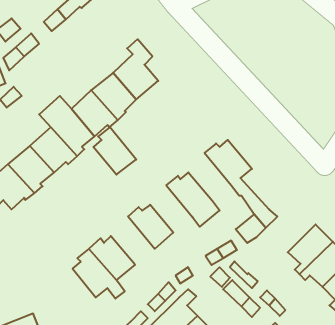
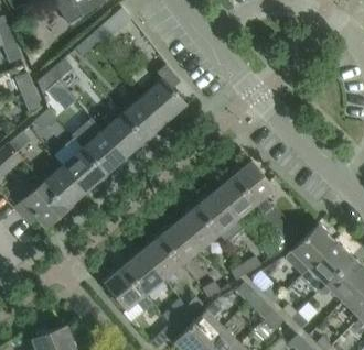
building: [93,127,136,175] -> [178,204,218,249]
building: none -> [214,173,255,219]
building: none -> [283,223,335,274]
building: none -> [140,233,182,280]

